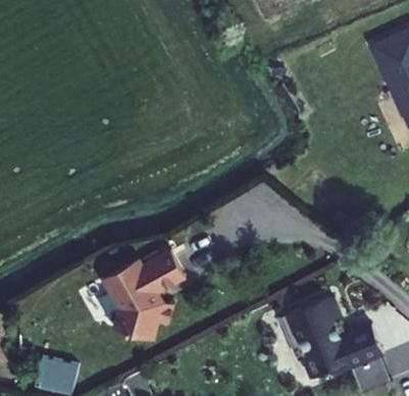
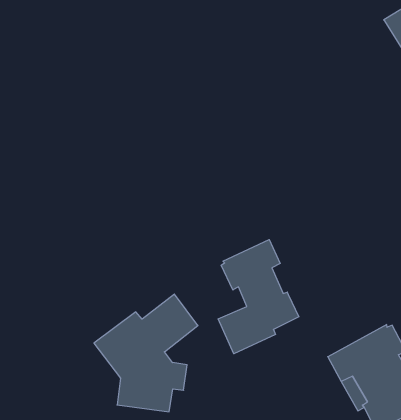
building: none -> [218,240,299,354]

